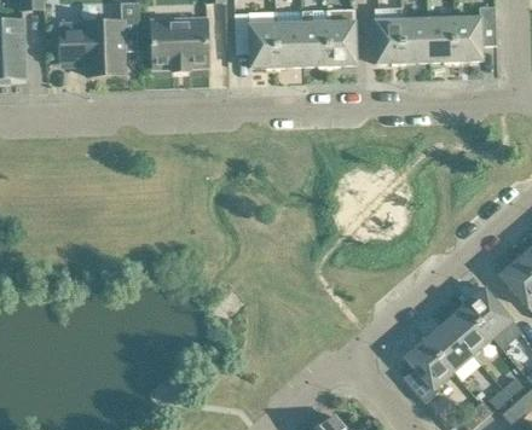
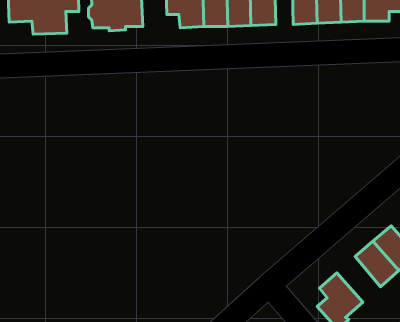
building: [424,321,473,372] -> none

